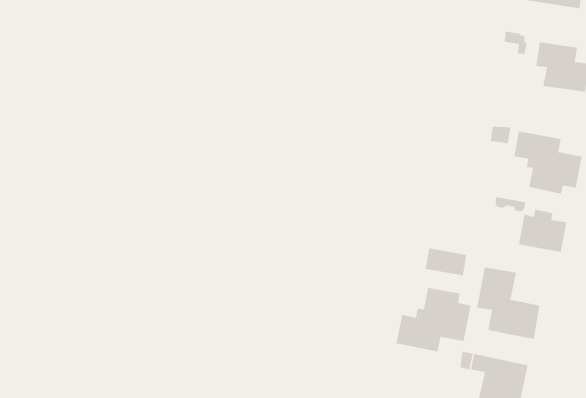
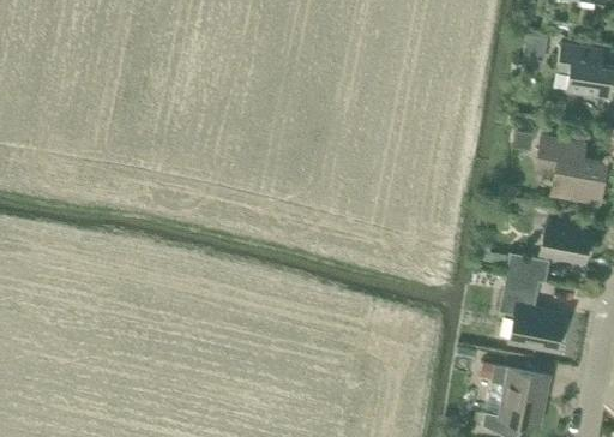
building: [425,248,467,276] -> [507,253,550,282]
building: [396,287,471,352] -> none

